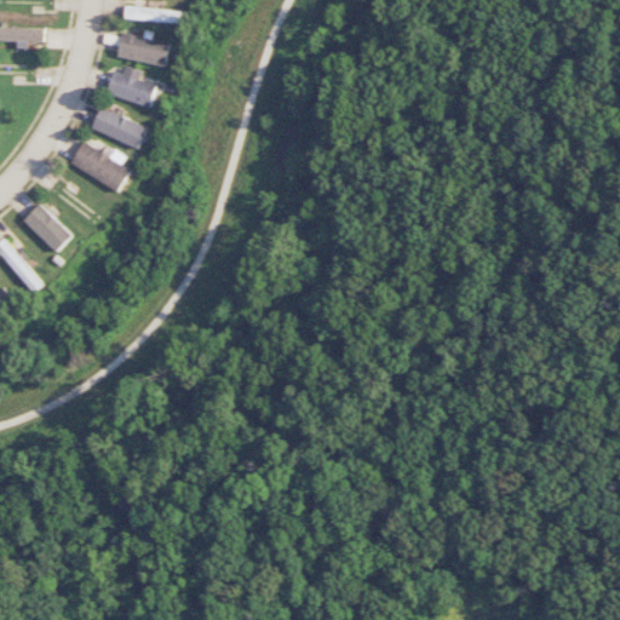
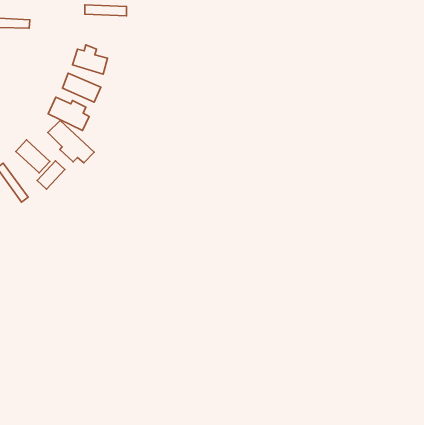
building: [116,33,170,67] -> none
building: none -> [48,120,94,163]
building: none -> [37,161,65,189]

